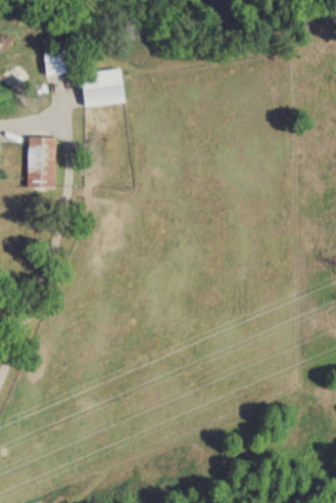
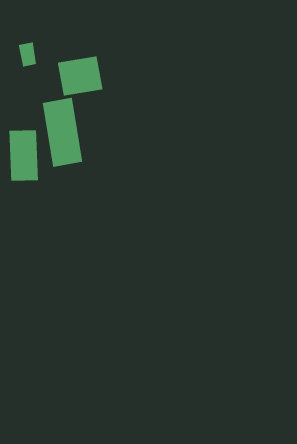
building: none -> [42,97,83,168]

